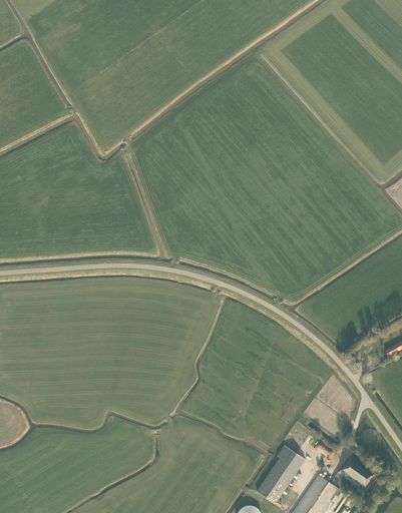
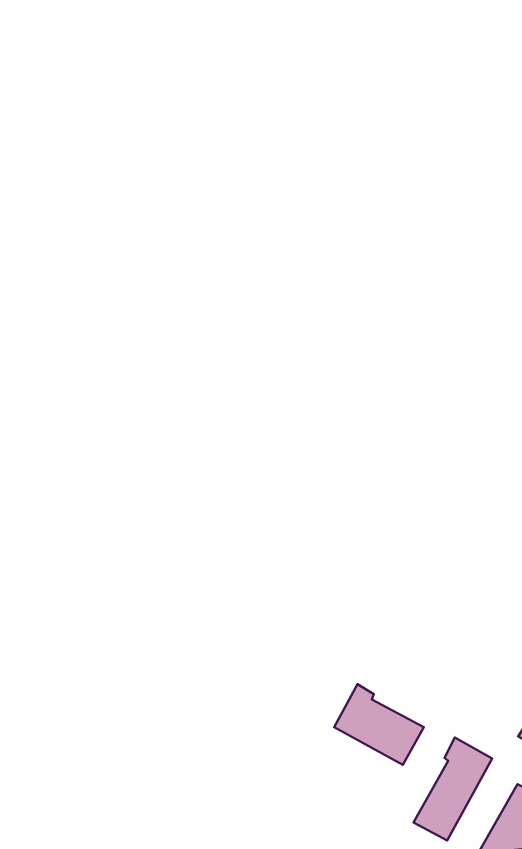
building: none -> [334,684,424,765]

